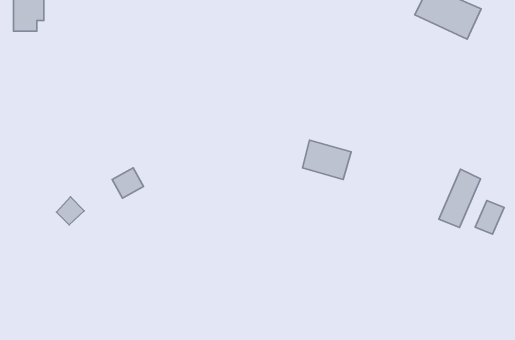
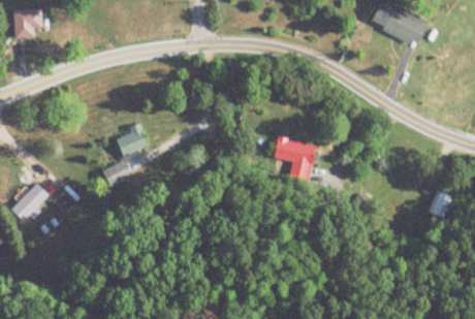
building: none -> [116,125,149,157]
building: [439,169,480,228] -> none
building: none -> [9,185,51,220]

